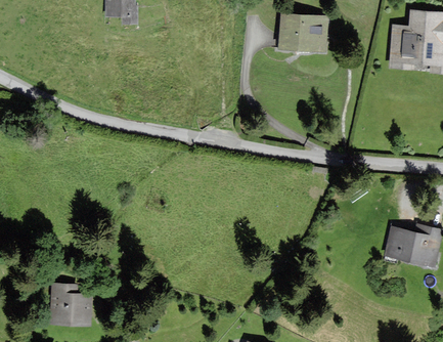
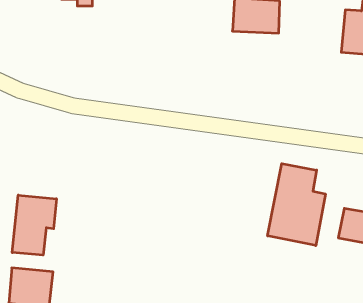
building: none -> [268,164,325,246]
building: none -> [12,195,56,255]

